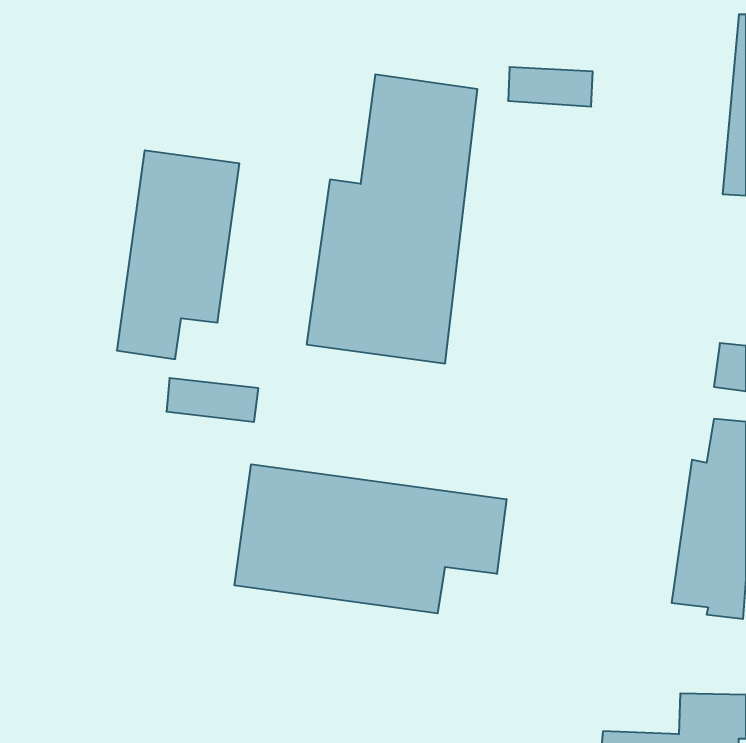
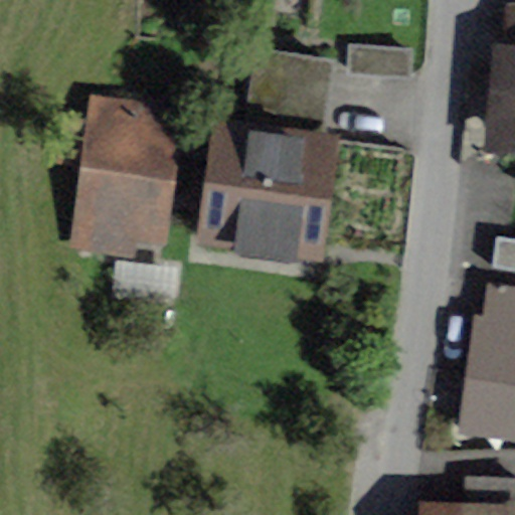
building: [234,464,506,613] -> none

